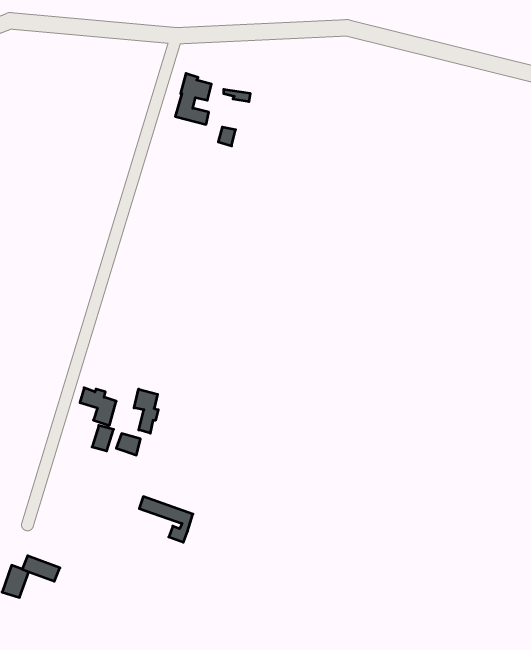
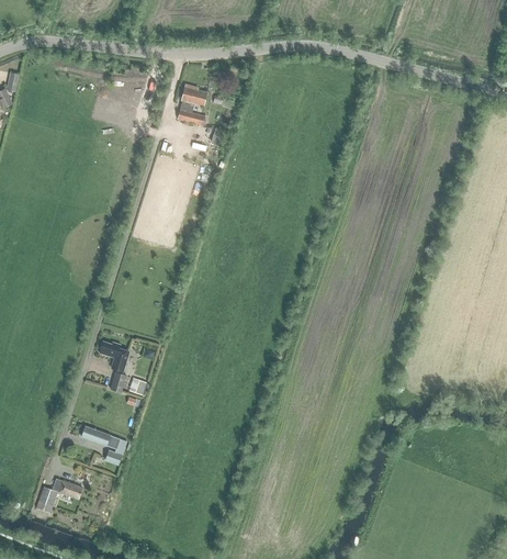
building: [134,389,158,433] -> none
building: [139,497,193,542] -> [81,426,125,463]

